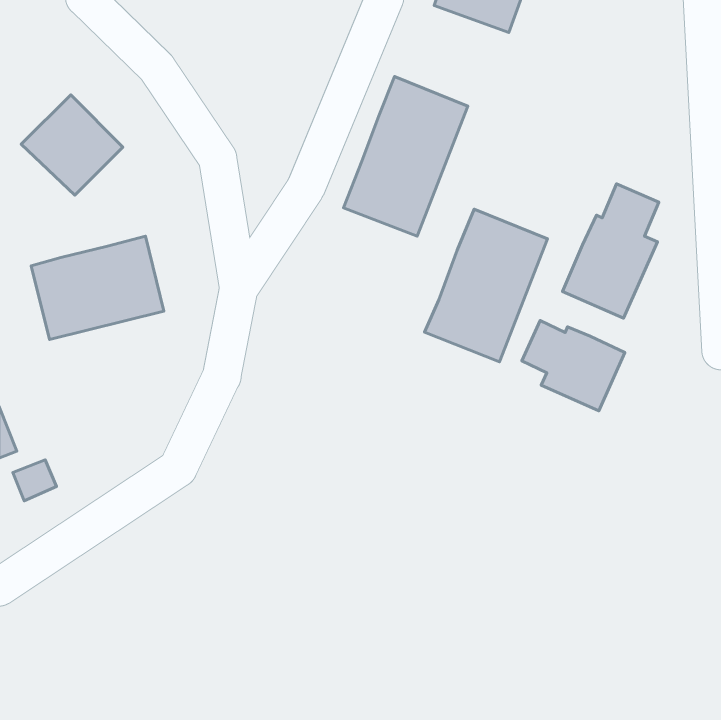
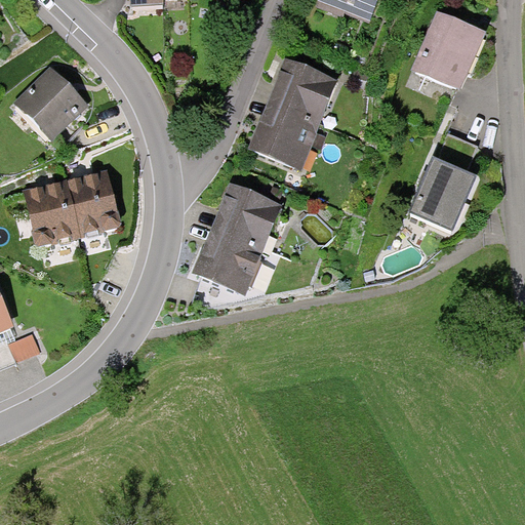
building: none -> [410,12,483,89]
building: [425,209,548,362] -> [193,180,282,291]
building: [522,320,625,411] -> none

